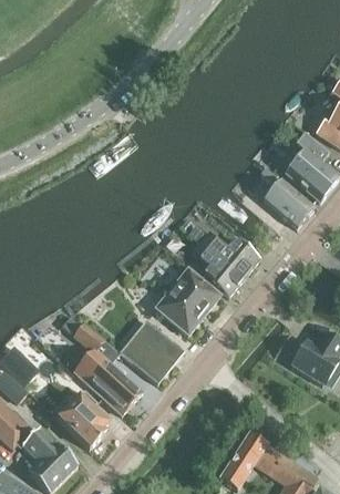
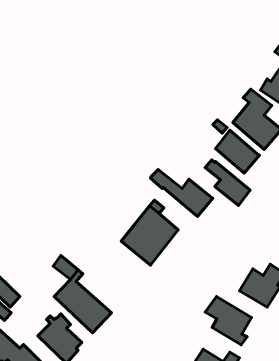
building: [190,244,243,297] -> [205,160,250,206]
building: [120,320,184,383] -> none
building: none -> [205,296,252,345]

